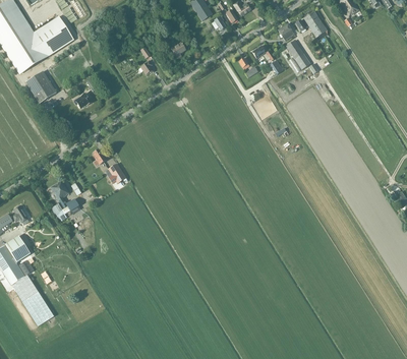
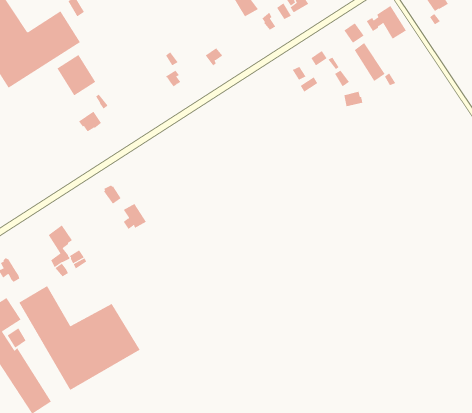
building: [25,70,56,103] -> [57,54,96,96]
building: none -> [18,285,140,391]

